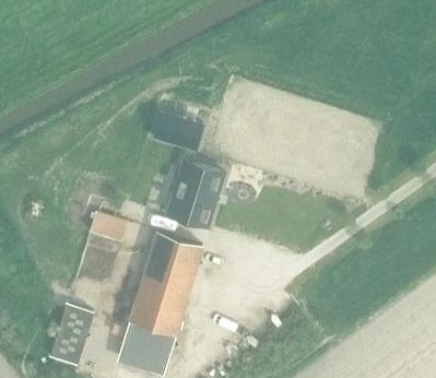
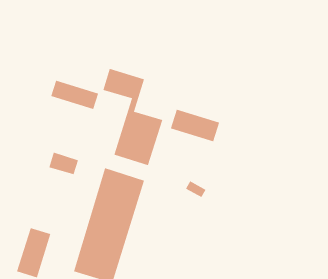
building: none -> [51,80,99,110]
building: none -> [170,109,220,142]

